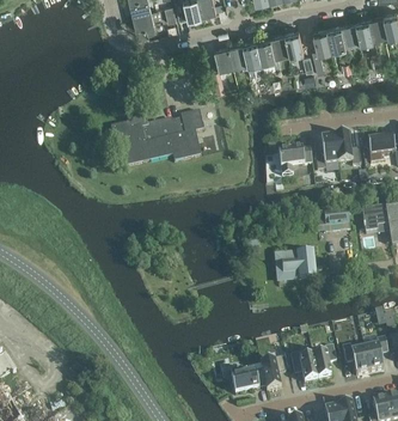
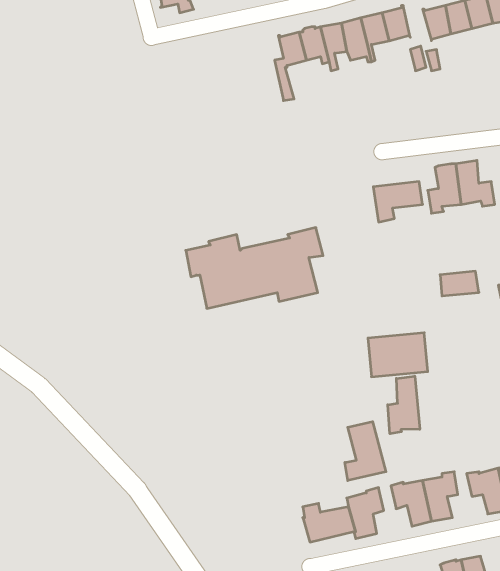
building: [110,110,203,165] -> [186,228,323,308]
building: none -> [388,376,420,434]
building: none -> [345,422,386,481]

